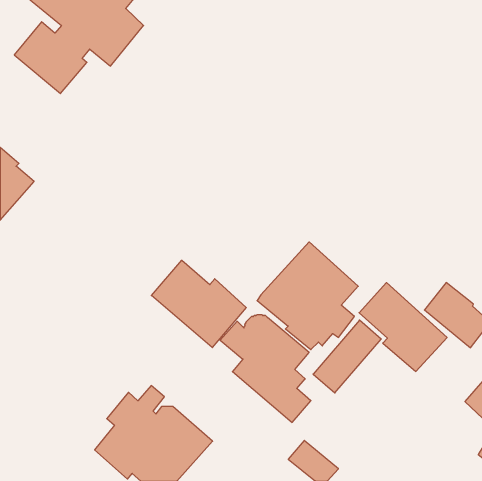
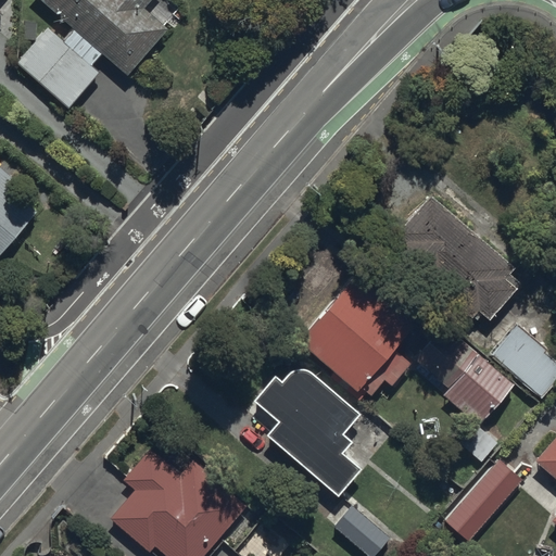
building: none -> [396,198,519,320]
building: [151,260,246,348] -> none
building: [313,320,381,393] -> [446,459,525,543]

